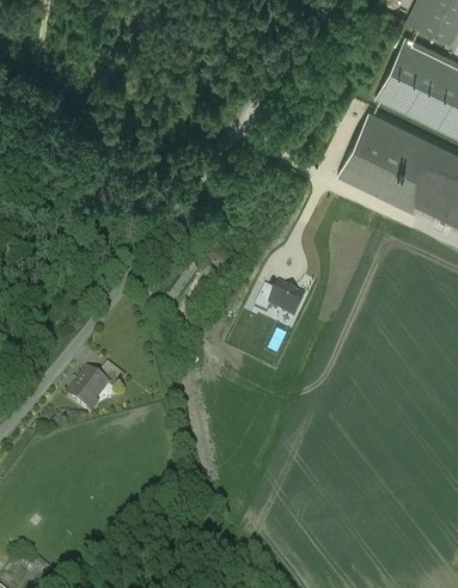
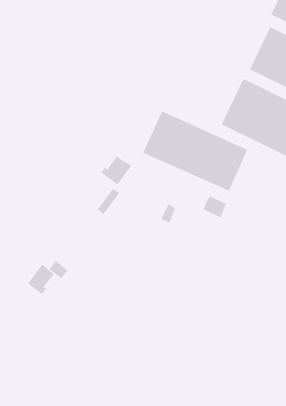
building: none -> [142,111,248,191]
building: none -> [101,155,132,185]
building: [270,286,304,317] -> [203,196,227,218]

